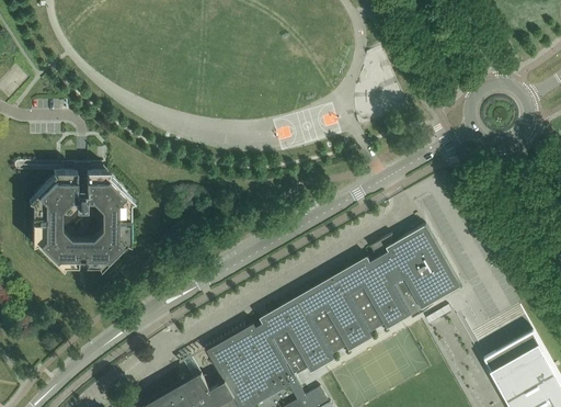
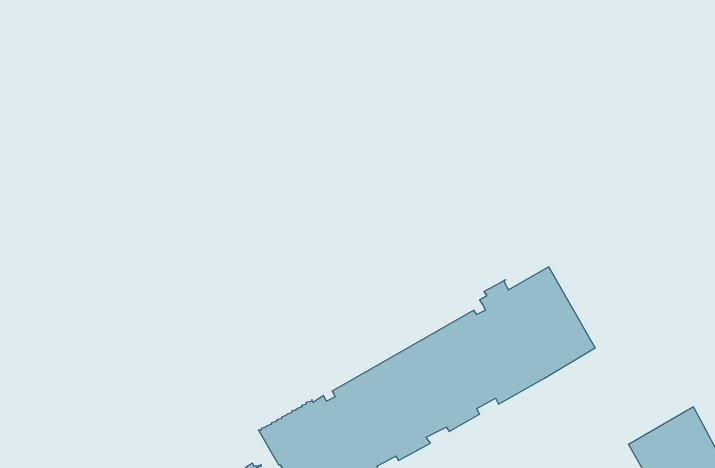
building: [33,165,130,267] -> none

